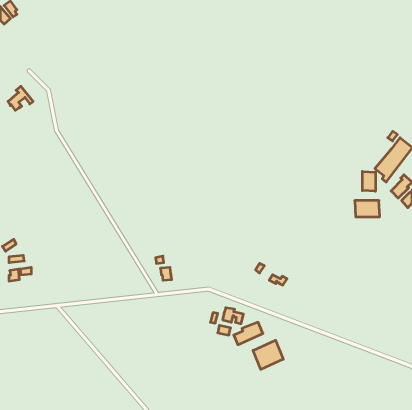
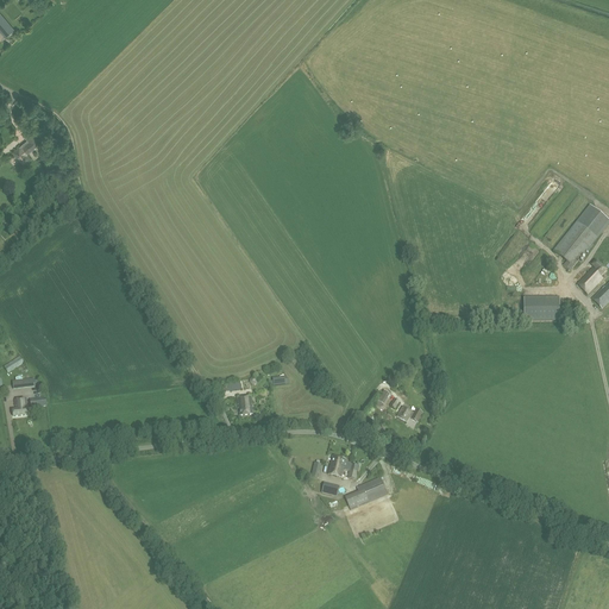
building: [362,171,375,191] -> none
building: [253,340,283,369] -> none

